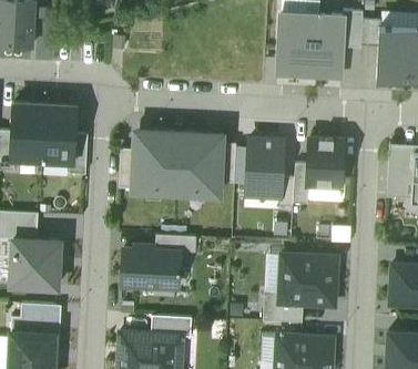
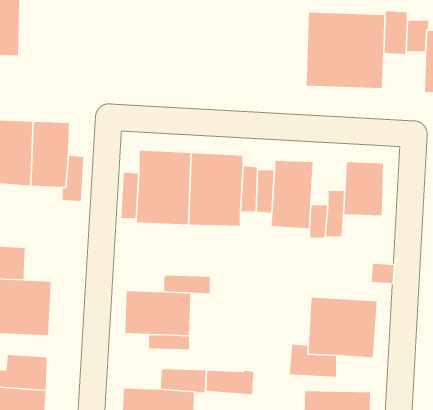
building: none -> [206,370,254,395]

